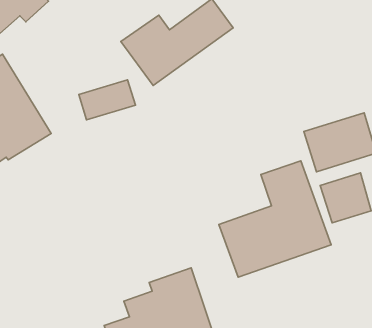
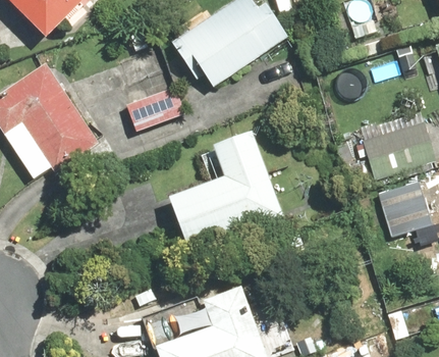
building: [219,161,331,277] -> [167,130,284,251]

